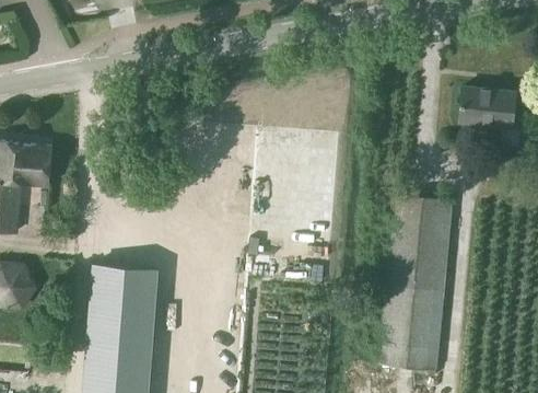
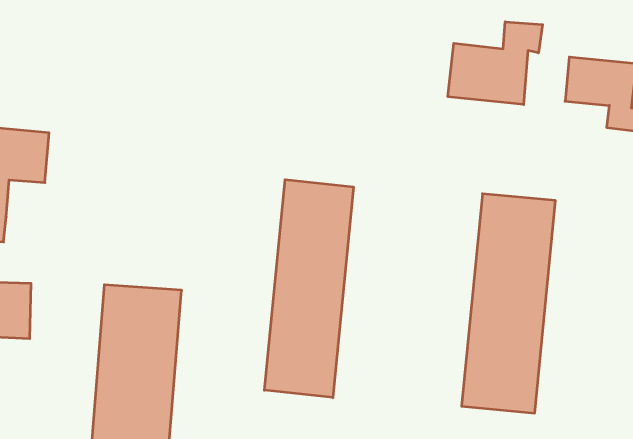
building: none -> [448,22,543,105]
building: none -> [264,180,353,398]

